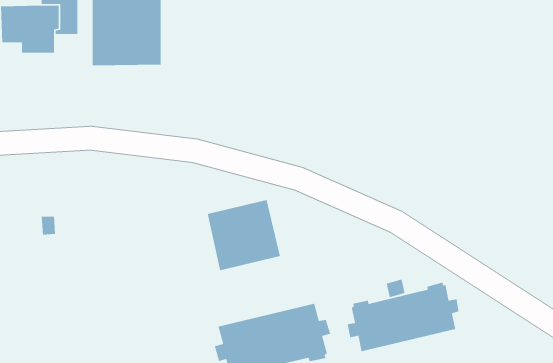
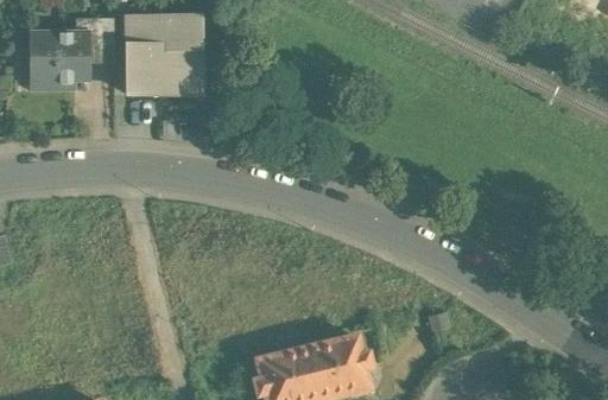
building: [207,199,281,271] -> none
building: [347,281,460,352] -> none

